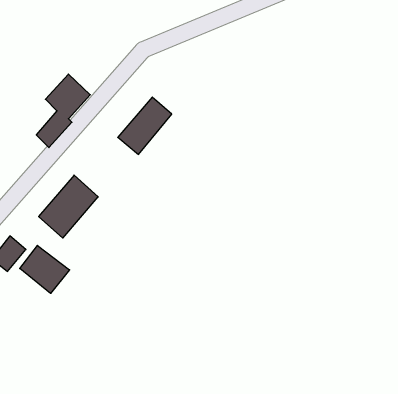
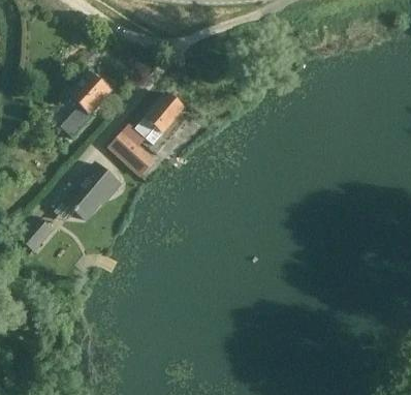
building: none -> [108,130,156,177]
building: [20,245,70,293] -> none

